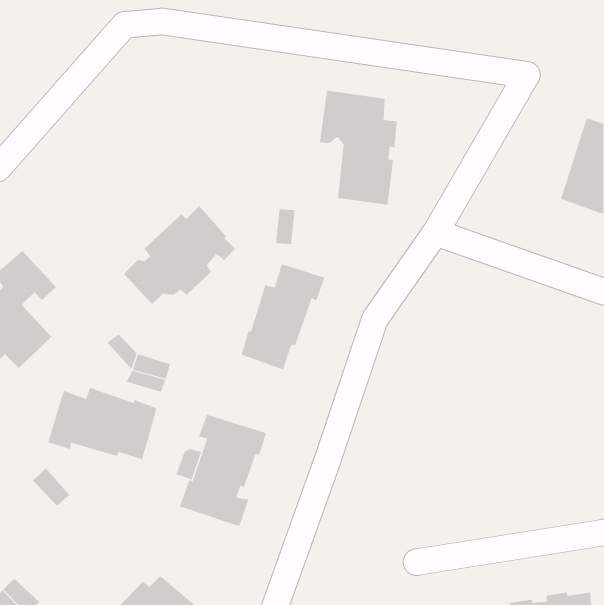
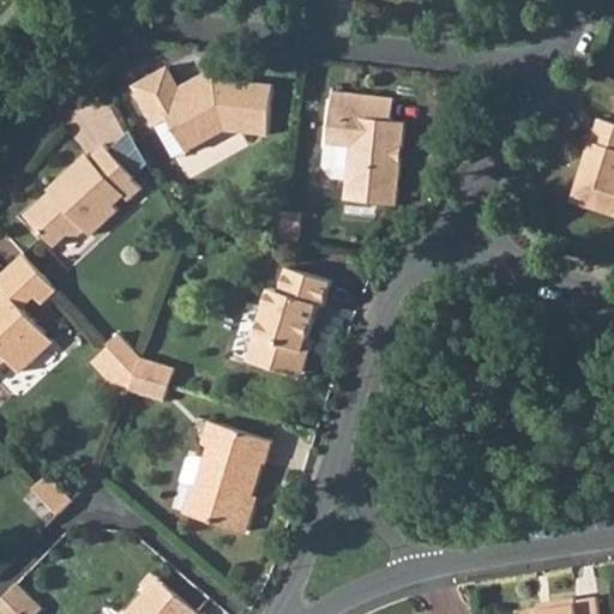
building: none -> [130,67,270,151]
building: [123,205,236,305] -> [25,145,139,246]
building: [47,387,157,460] -> none

